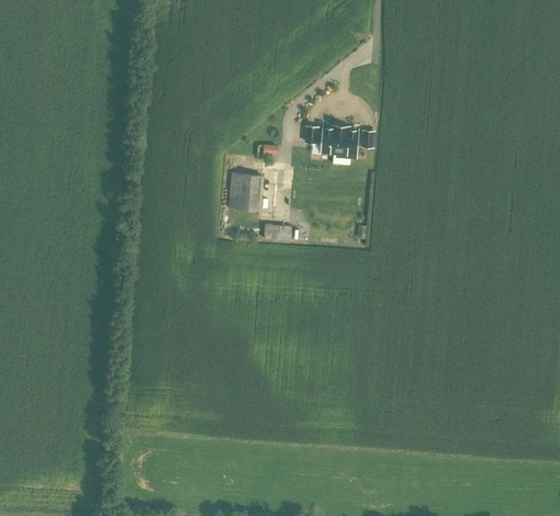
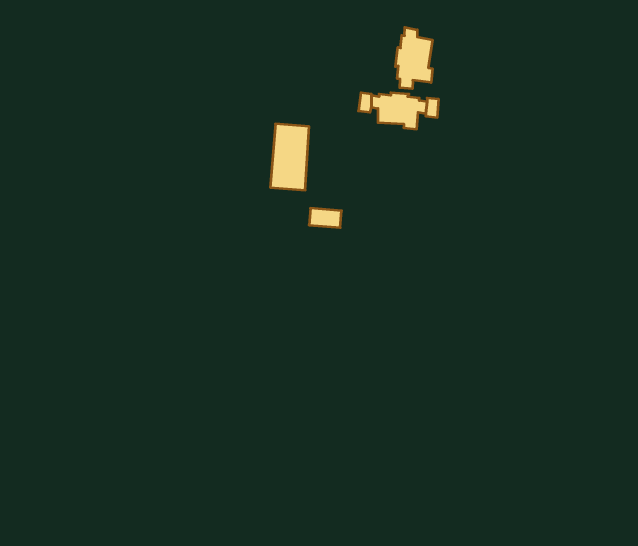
building: none -> [395,27,432,89]

